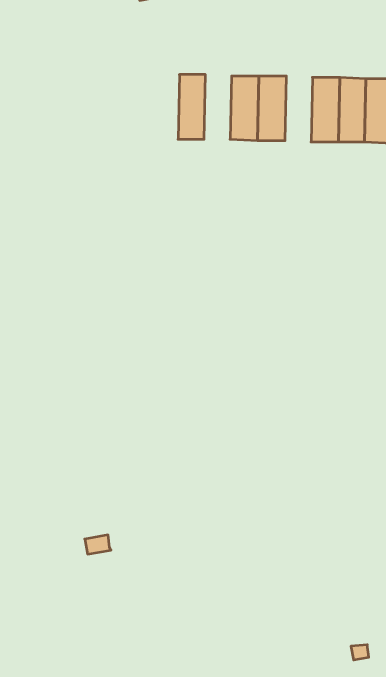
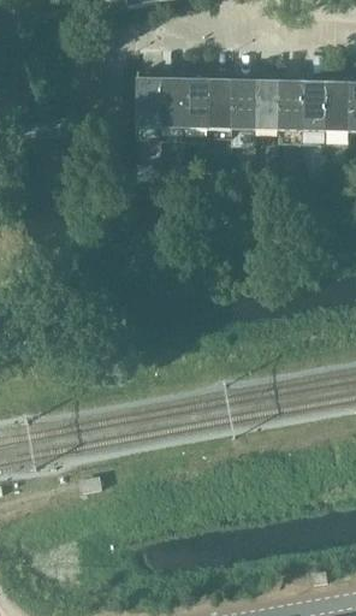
building: none -> [136,73,162,142]
building: none -> [184,75,208,131]
building: none -> [255,76,279,134]

